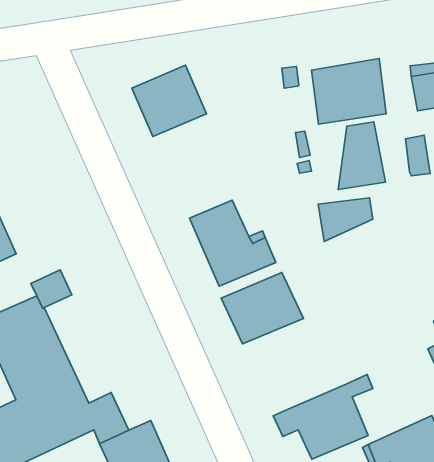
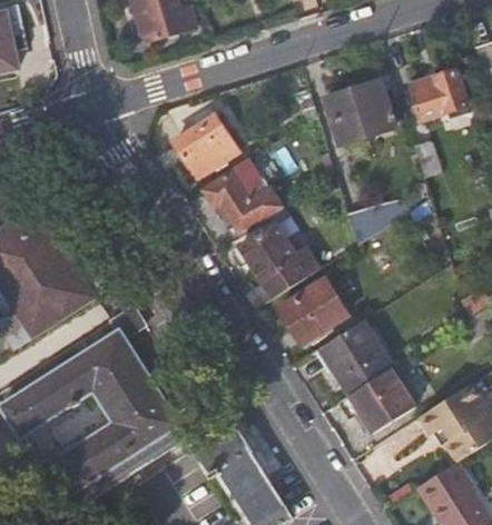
building: none -> [200,156,281,231]
building: [338,122,386,189] -> none
building: none -> [314,319,395,395]

